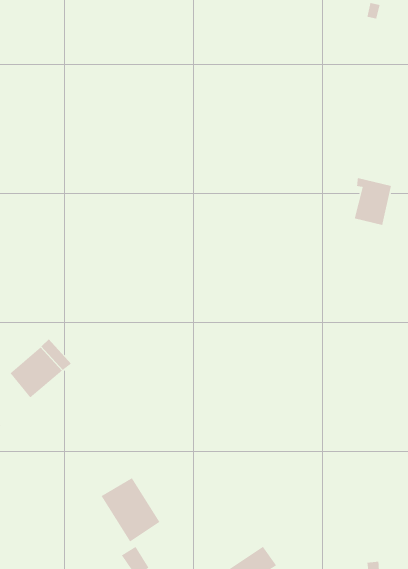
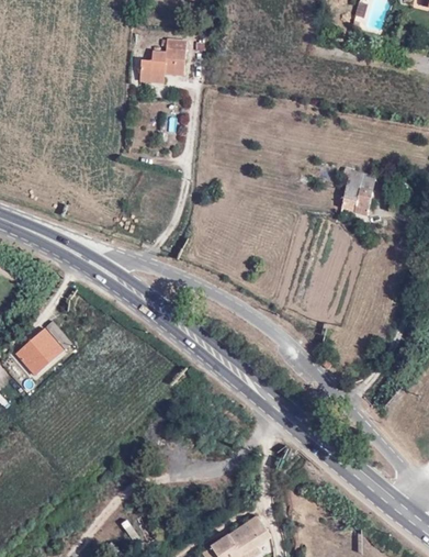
building: none -> [139,38,185,83]
building: [100,477,160,542] -> none

